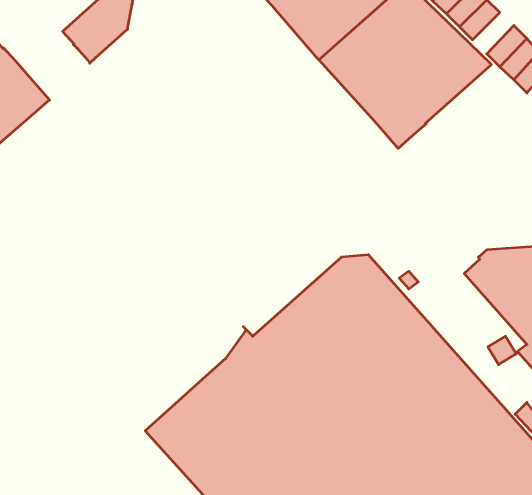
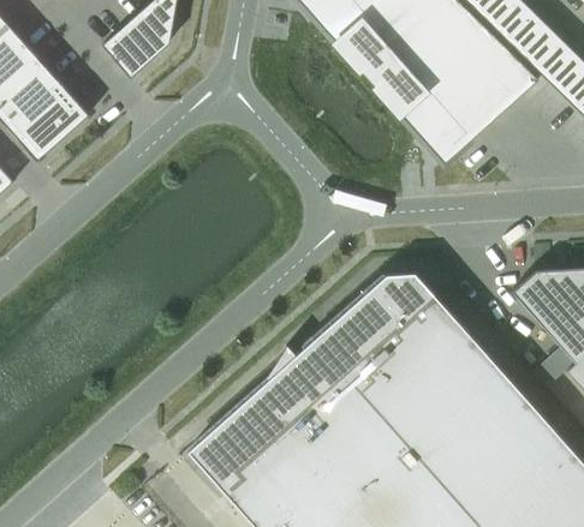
building: none -> [519,25,561,67]

